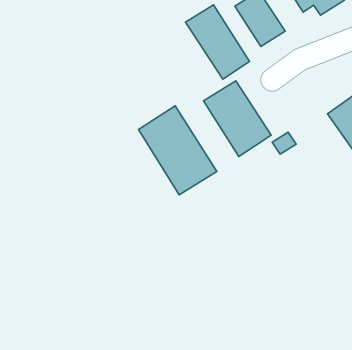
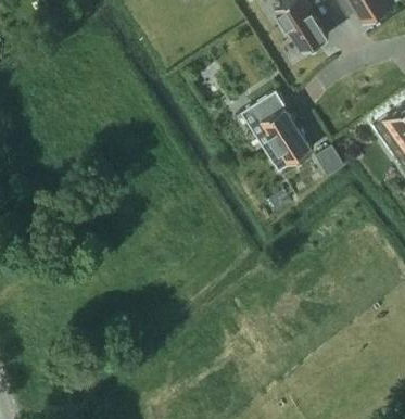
building: [186,5,250,79] -> none
building: [138,106,217,195] -> none

